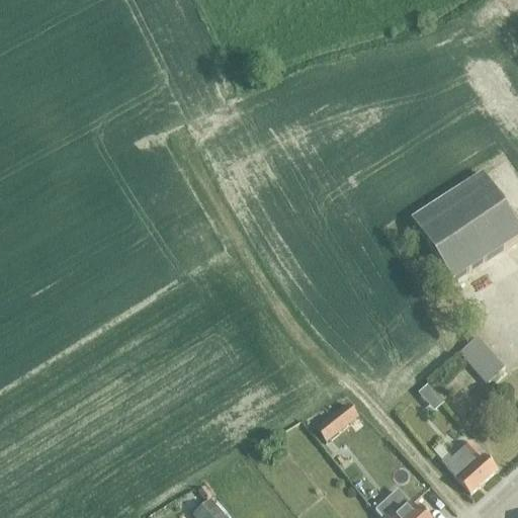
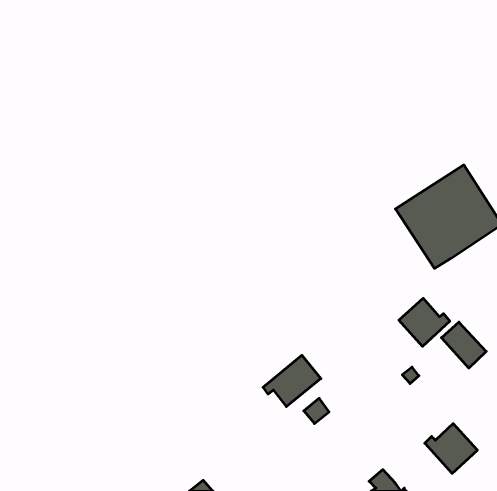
building: none -> [399,298,450,346]
building: none -> [263,355,321,407]

